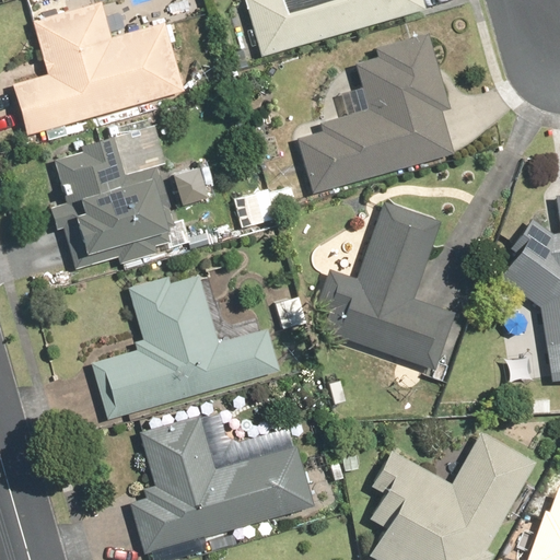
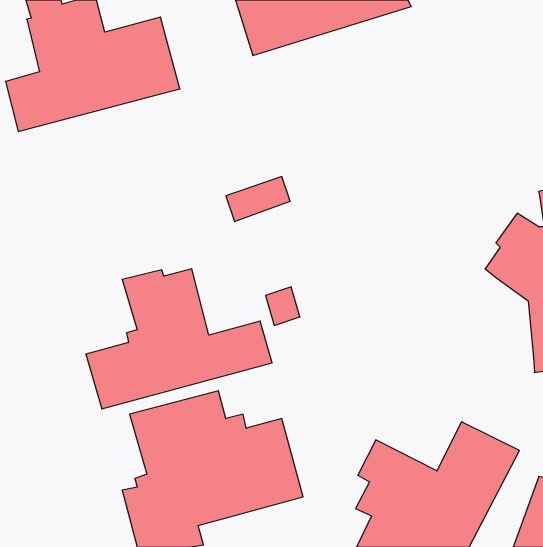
building: [293,33,451,195] -> none
building: [51,121,210,270] -> none
building: [322,203,458,371] -> none

